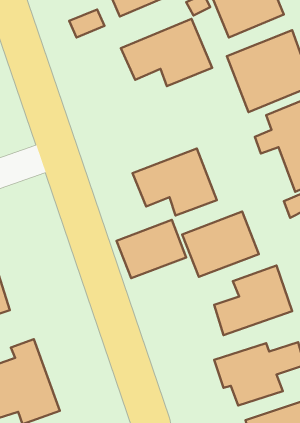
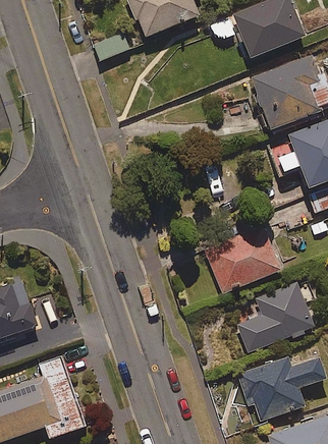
building: [121,19,212,86] -> none
building: [133,149,217,216] -> none
building: [117,220,186,278] -> none

